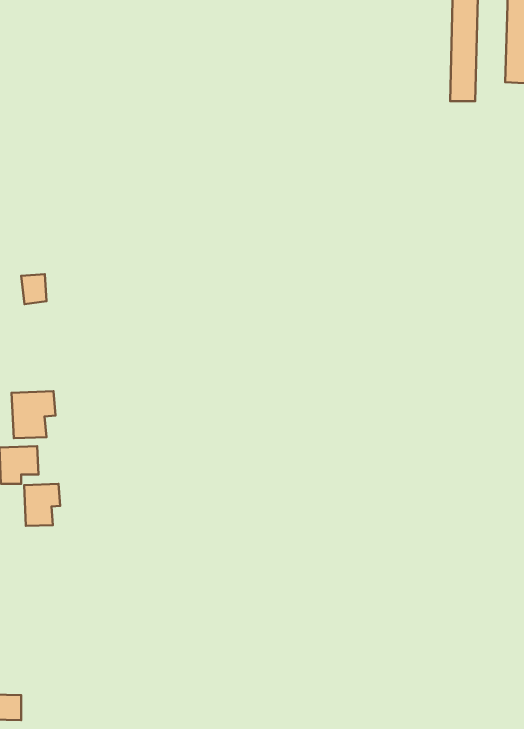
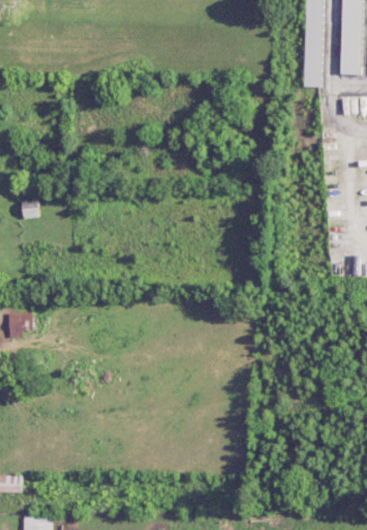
building: [12,391,56,438] -> none
building: [24,484,60,526] -> none

